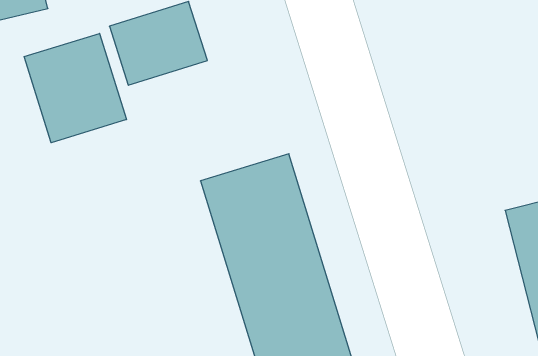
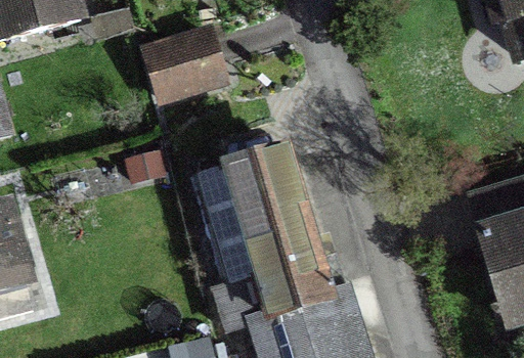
building: [24,33,126,143] -> none

